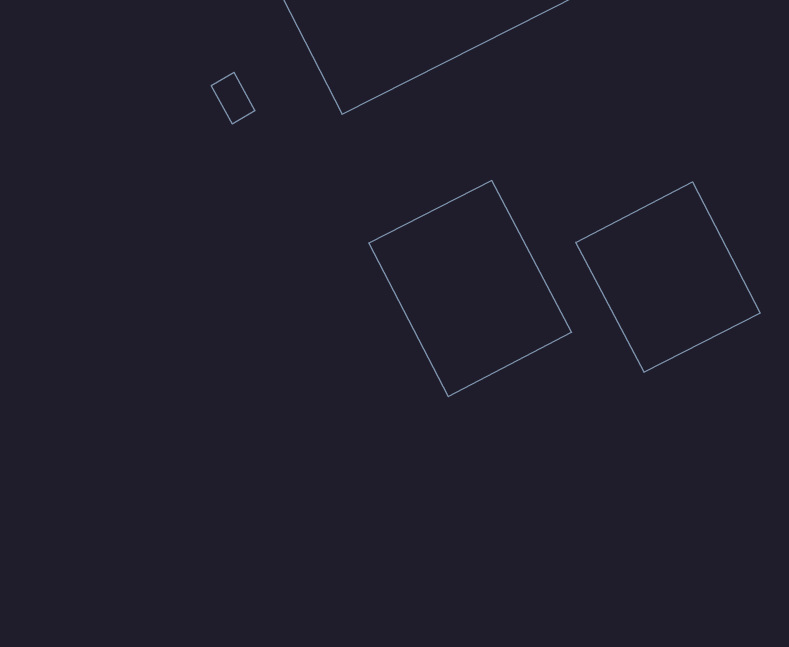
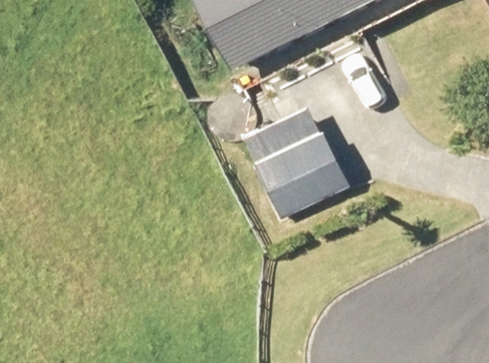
building: [576,182,760,372] -> none

